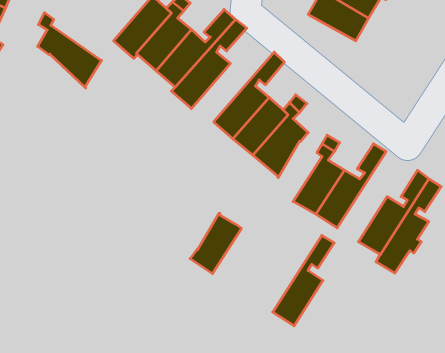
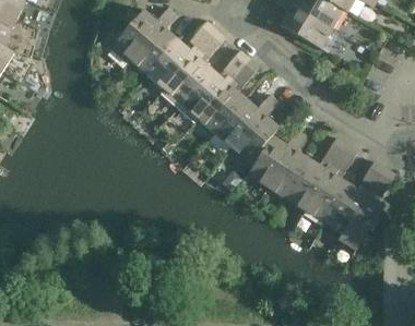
building: [38,13,102,88] -> none
building: none -> [179,50,251,122]
building: [190,213,241,274] -> [248,135,293,188]
building: [273,235,334,326] -> [306,144,359,222]

